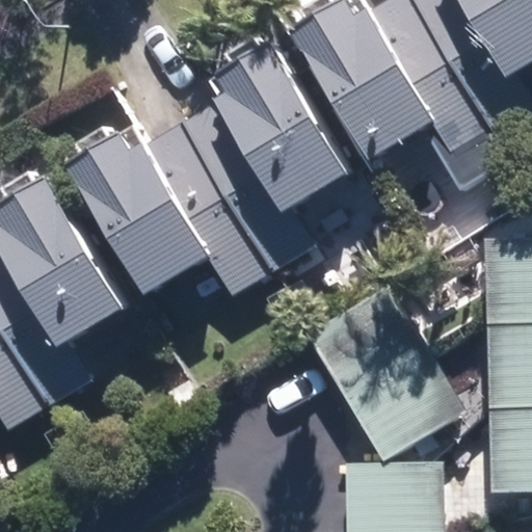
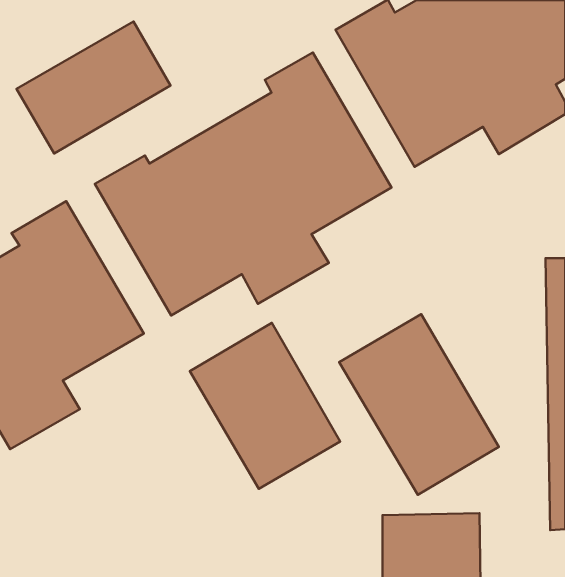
building: none -> [16,21,170,153]
building: none -> [190,323,340,489]

